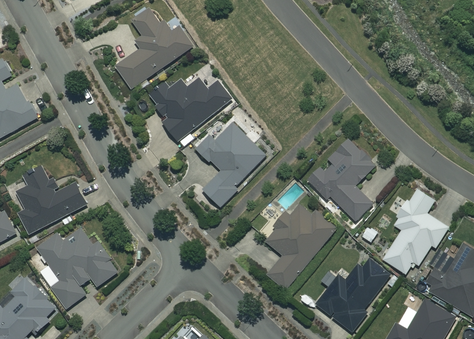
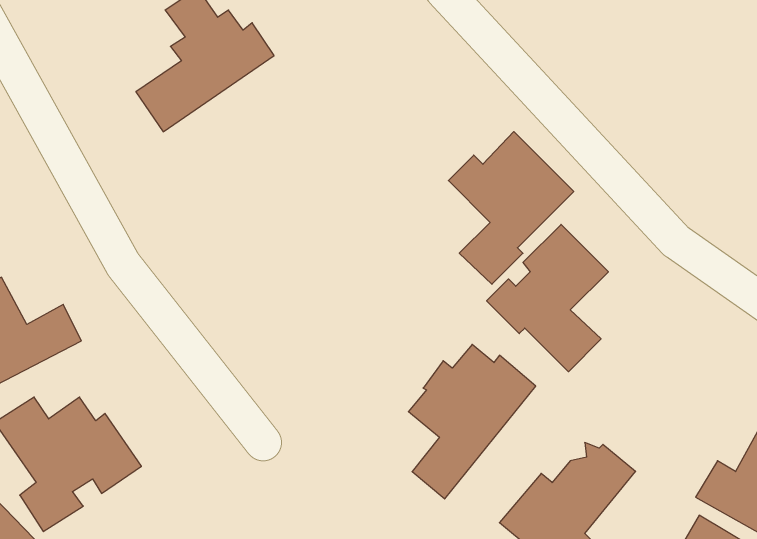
building: [147,78,230,140] -> none
building: [196,122,265,206] -> [448,132,574,284]
building: [382,188,447,273] -> none

